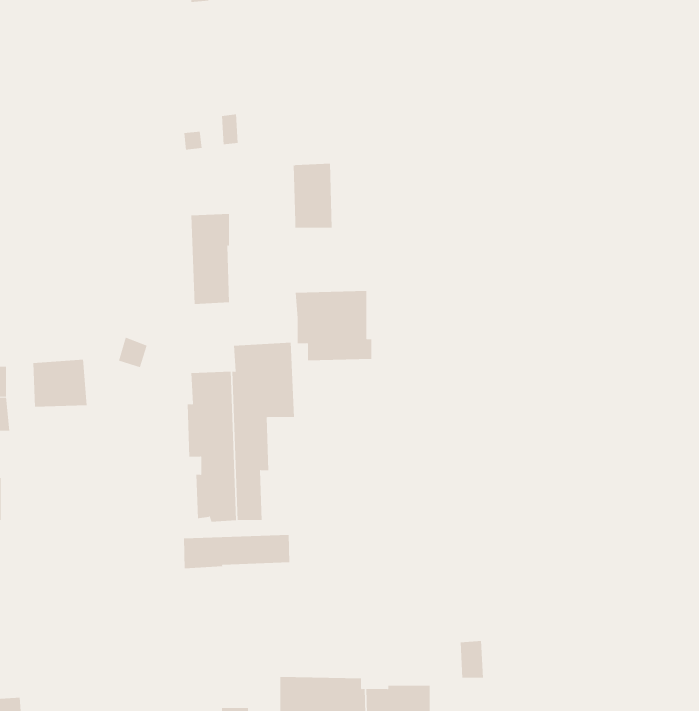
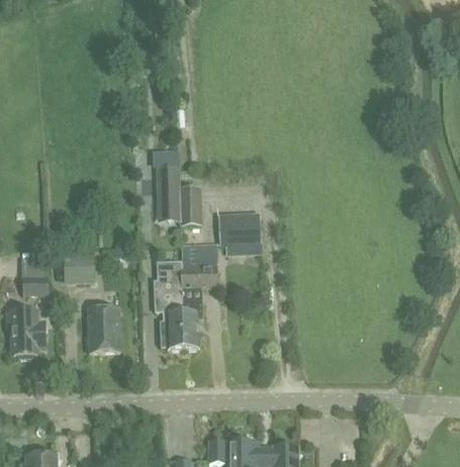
building: [293,163,332,228] -> [178,185,201,223]
building: none -> [87,308,120,351]
building: [183,534,290,569] -> none

